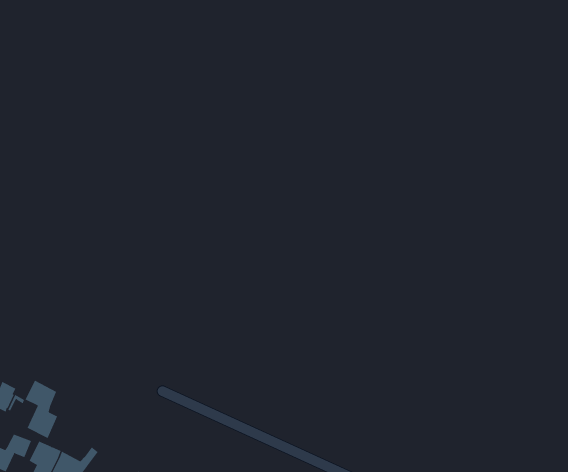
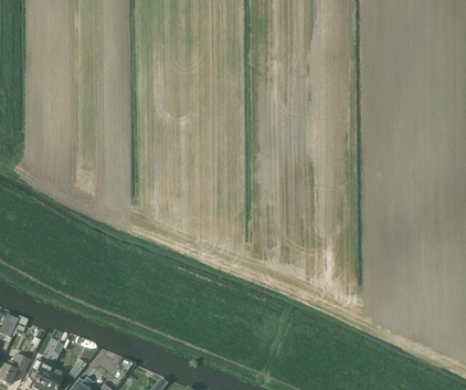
building: [25,380,58,439] -> none

